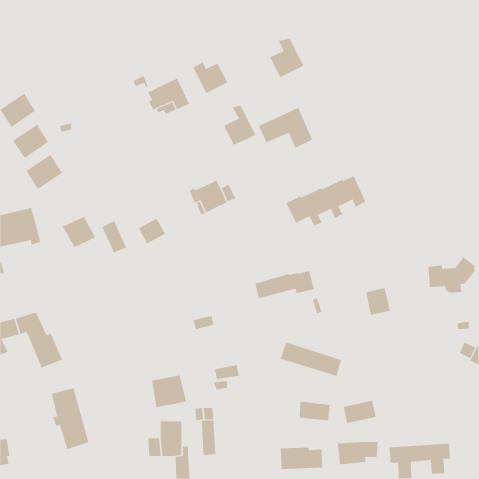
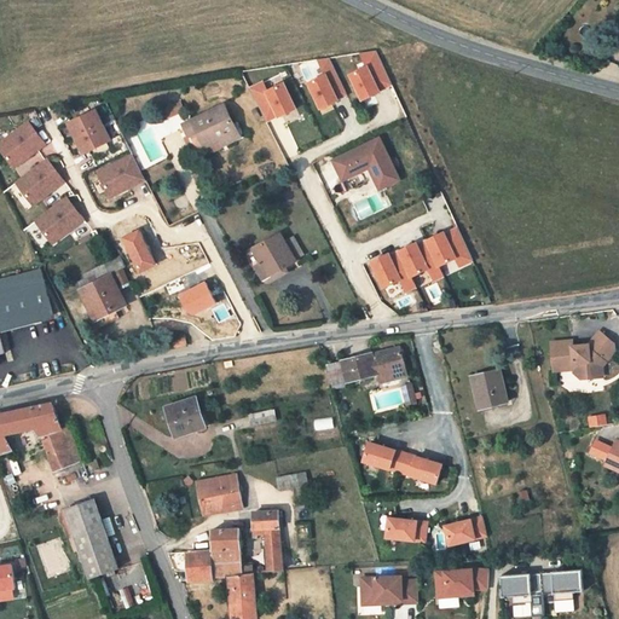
building: none -> [66,108,109,151]
building: [223,105,256,146] -> [305,57,347,109]
building: none -> [91,156,138,197]
building: [101,220,127,253] -> [121,228,154,271]
building: none -> [157,403,195,440]

